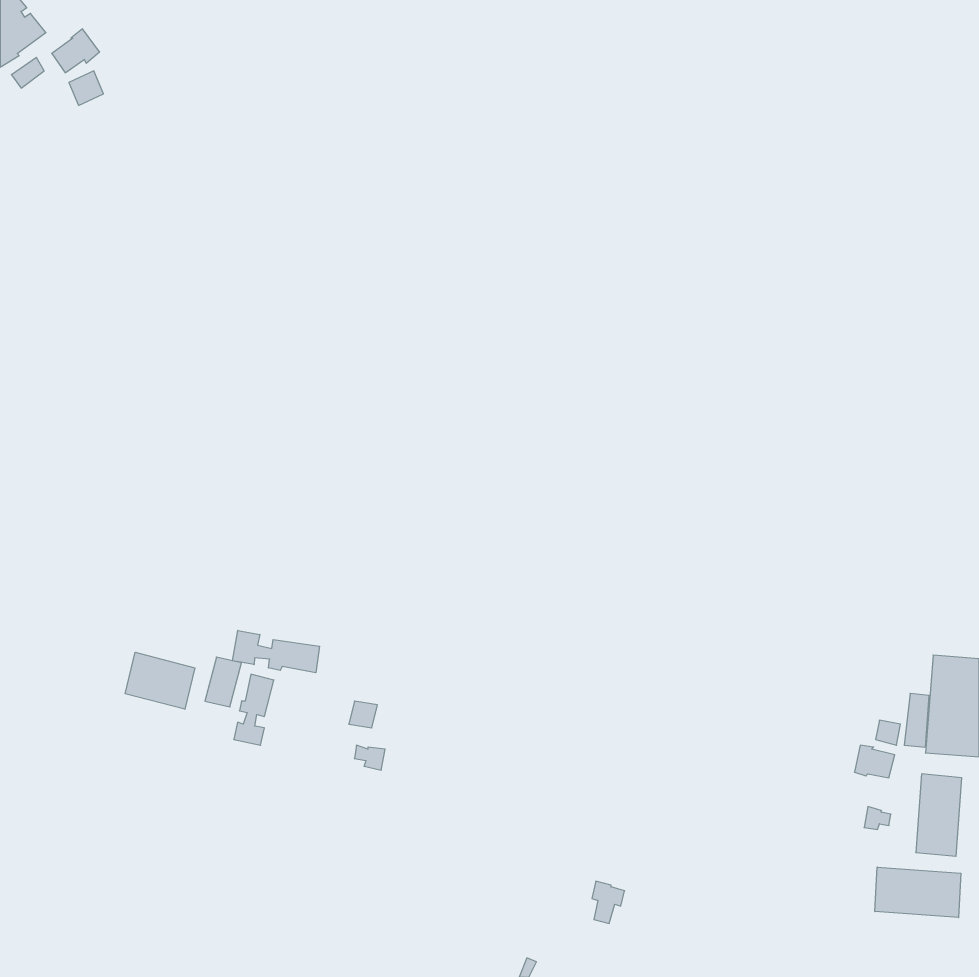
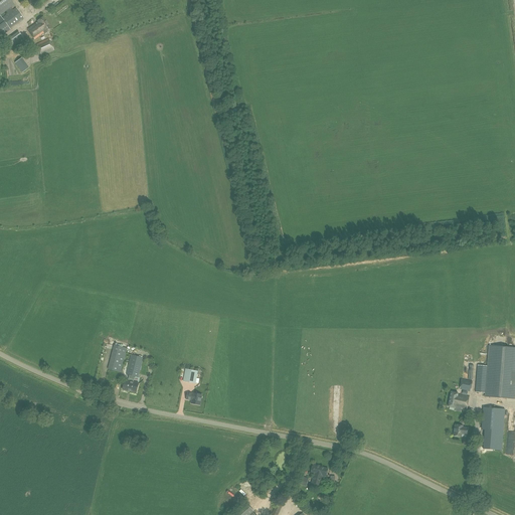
building: [232,630,320,673] -> none
building: [125,652,195,709] -> none
building: [875,867,961,918] -> none

